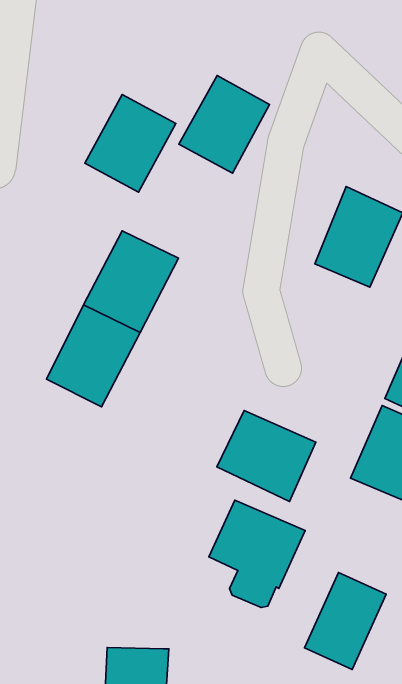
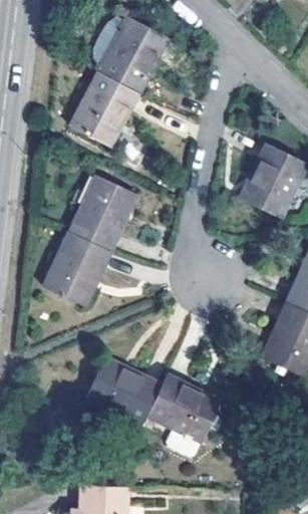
building: [179,75,269,173] -> [98,19,165,90]
building: [217,411,316,501] -> [97,353,170,420]
building: [305,572,386,670] -> none

